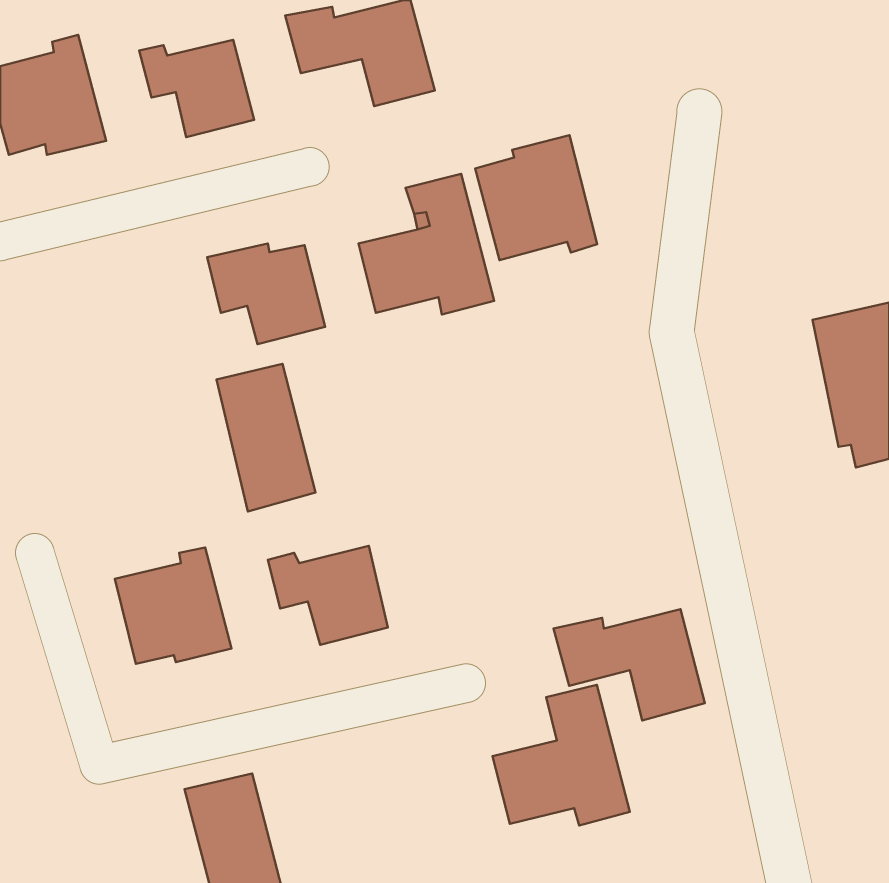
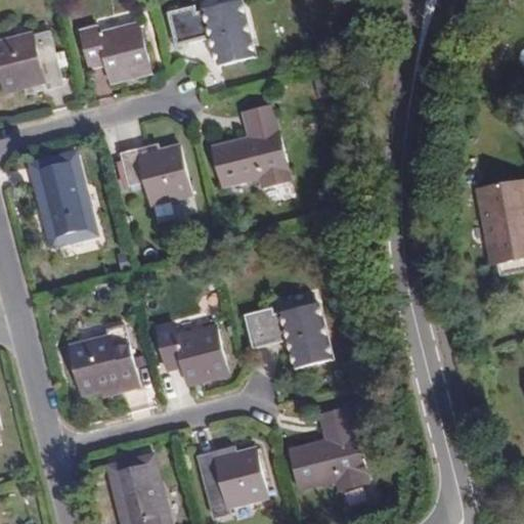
building: [475,135,597,260] -> none
building: [216,364,316,512] -> [33,158,91,245]
building: [553,609,705,721] -> [244,302,333,367]
building: none -> [198,447,268,519]

